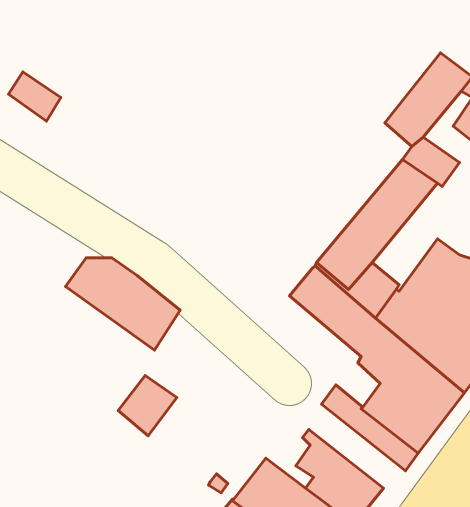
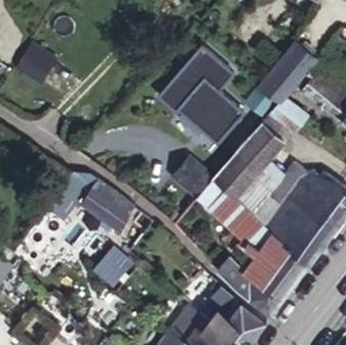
building: none -> [167,55,242,141]
building: none -> [171,162,212,202]

